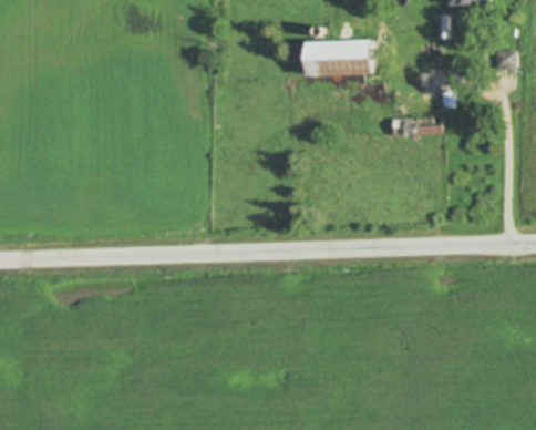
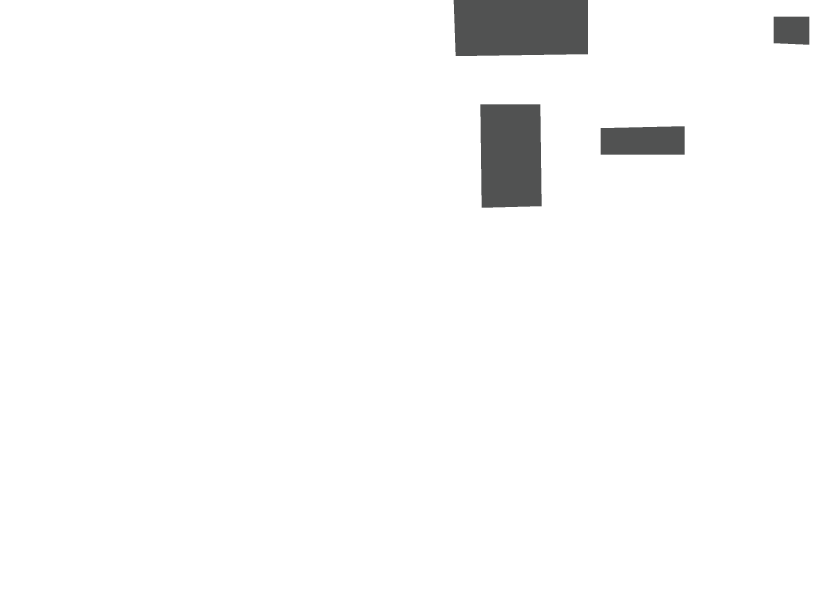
building: none -> [479,104,543,208]

